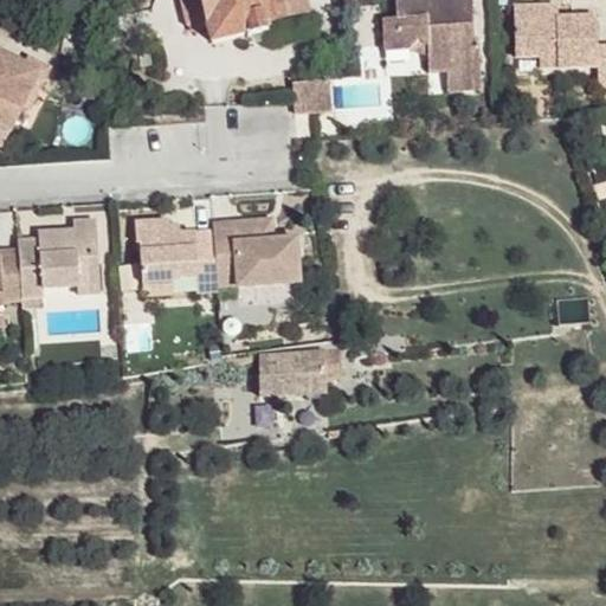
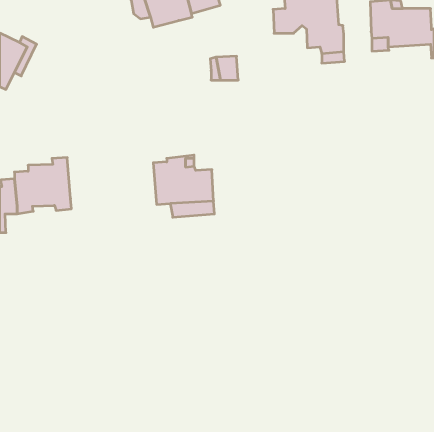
building: [136,213,218,290] -> none
building: [259,350,327,393] -> none

